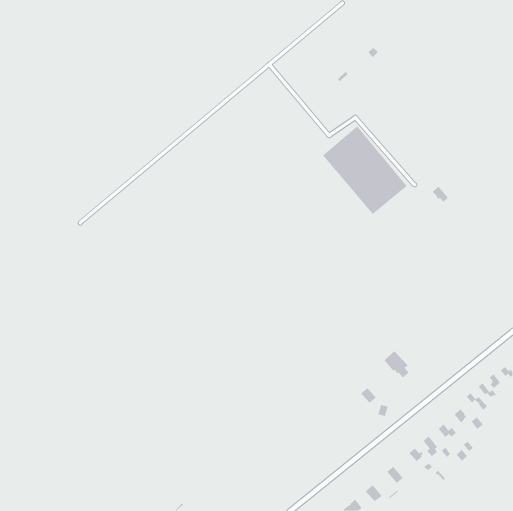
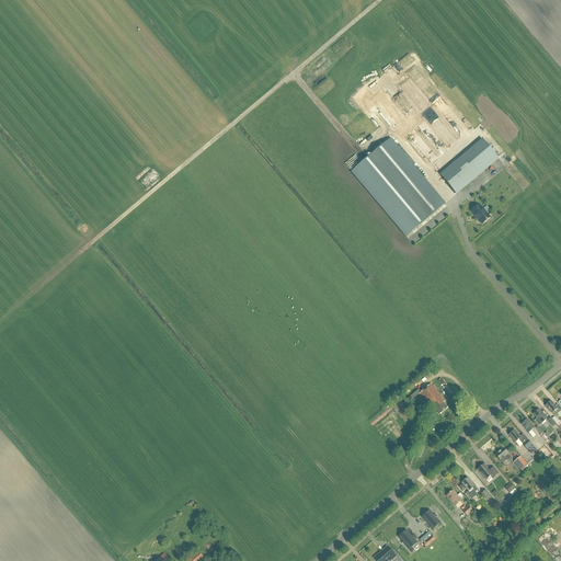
building: none -> [444,138,499,192]

